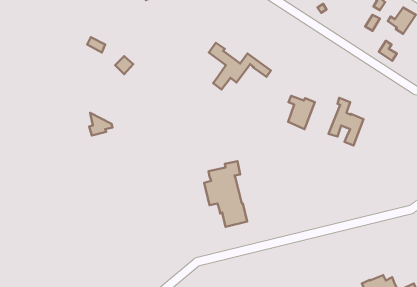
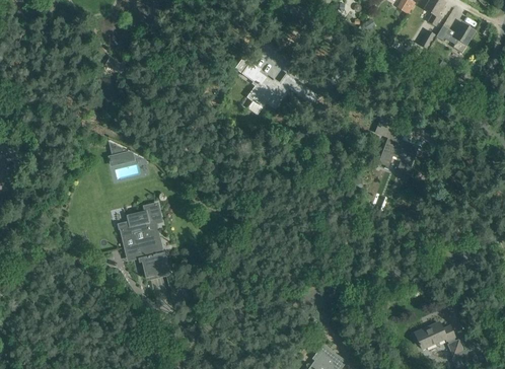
building: [288,96,315,129] -> none
building: [204,161,247,227] -> [121,204,169,278]

